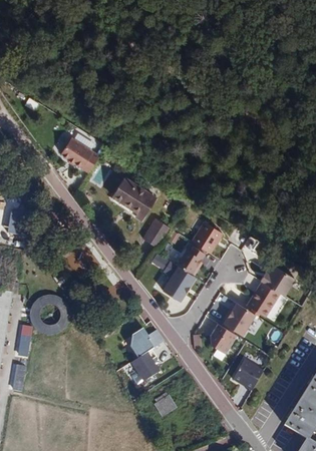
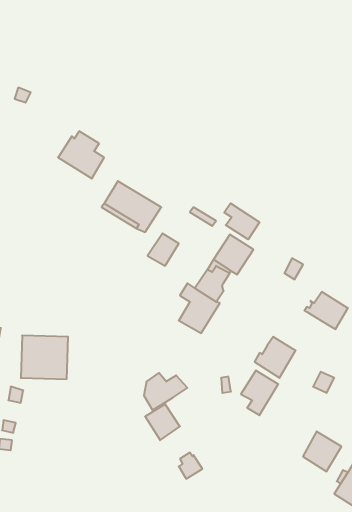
building: none -> [224,203,259,239]
building: [246,279,279,314] -> none
building: [233,357,264,389] -> [303,431,341,471]

